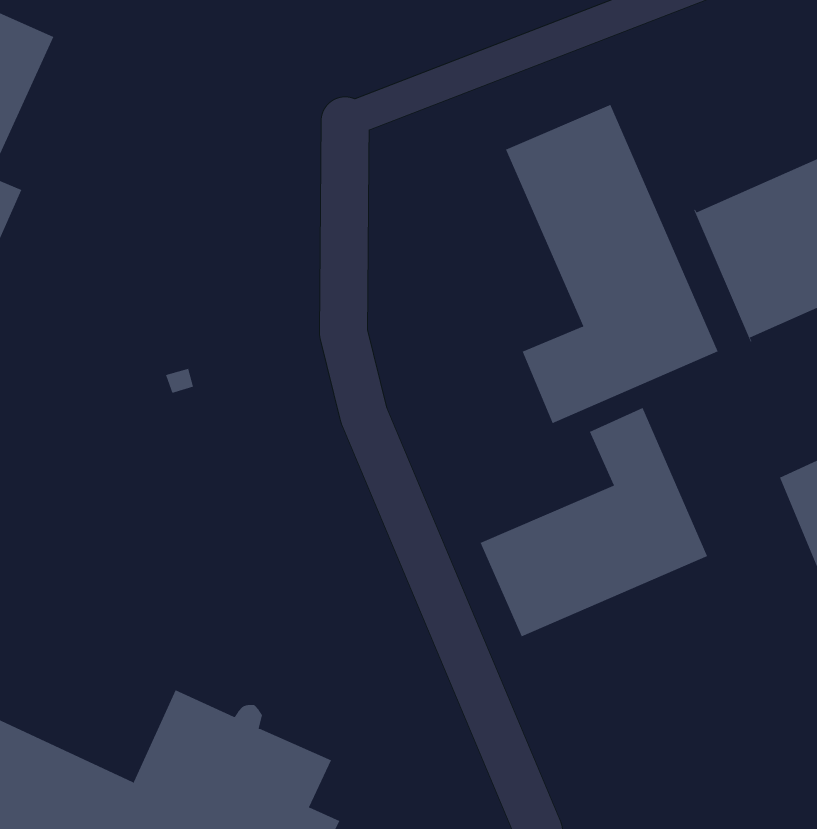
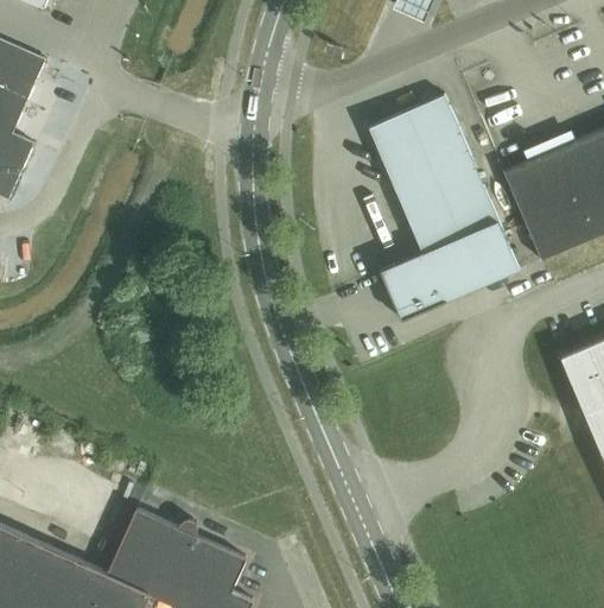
building: [480,407,708,637] -> none

